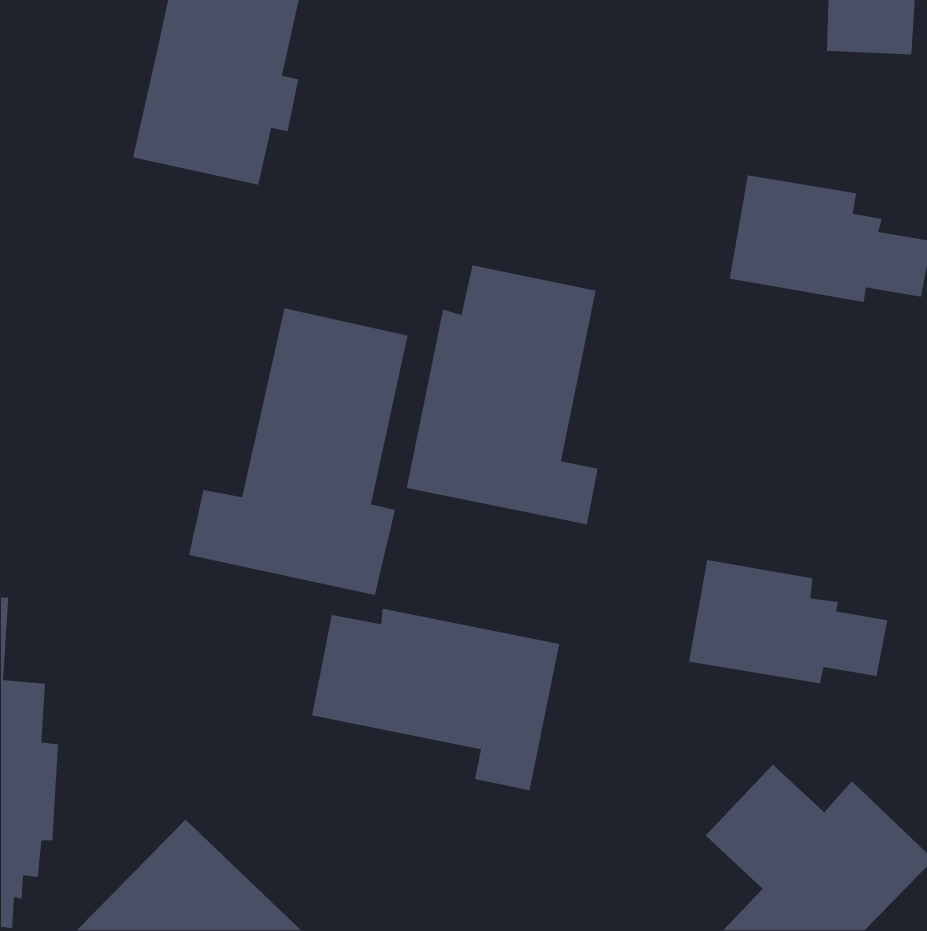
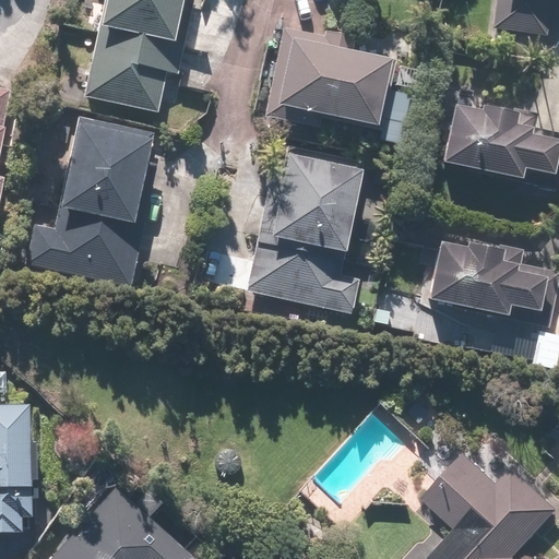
building: none -> [269,28,393,132]
building: [188,307,409,596] -> [23,112,154,284]
building: [688,559,888,684] -> [427,242,546,317]
building: [311,608,560,791] -> none

